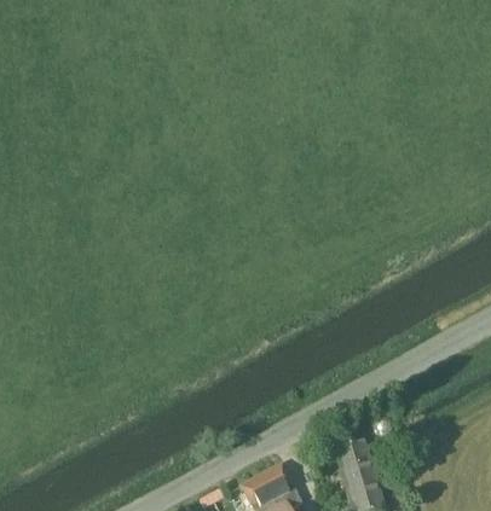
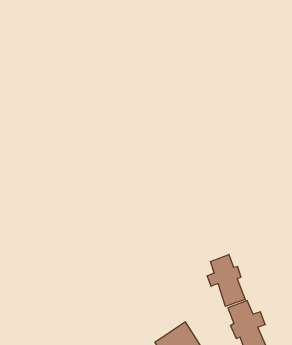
building: none -> [207,254,245,306]

